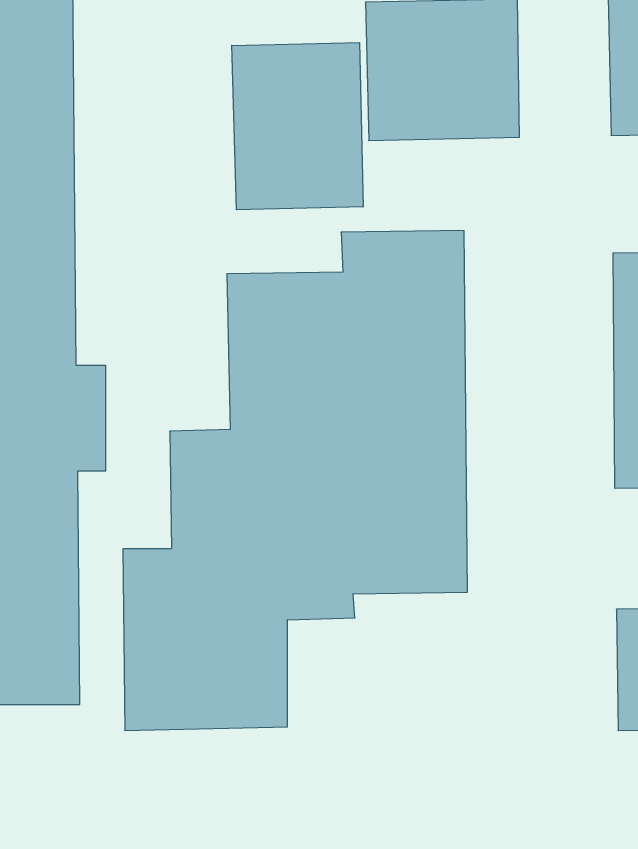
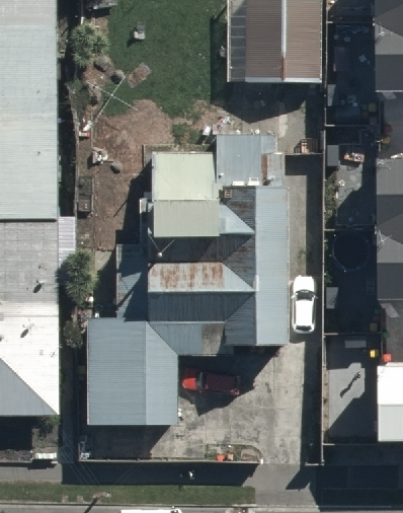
building: [232,43,363,210] -> none

